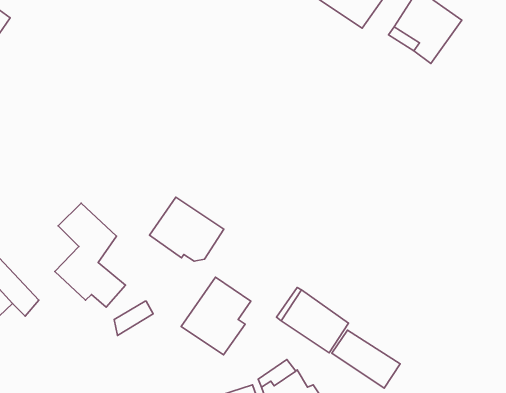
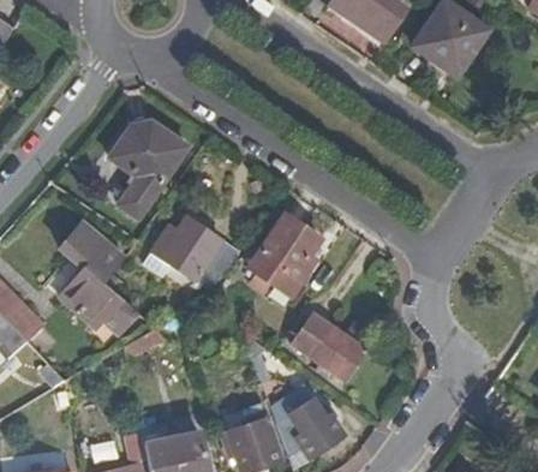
building: none -> [116,123,186,217]
building: [181,277,251,355] -> [247,215,321,297]
building: [332,330,400,388] -> none

